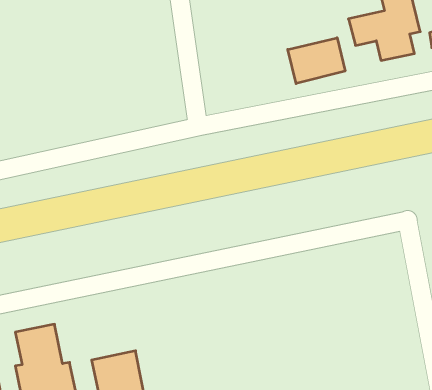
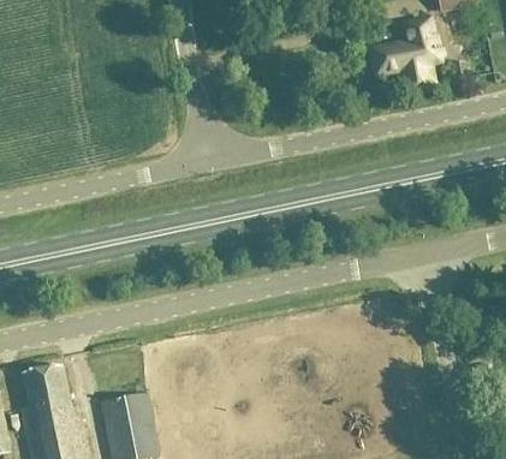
building: [288,38,345,84] -> none

